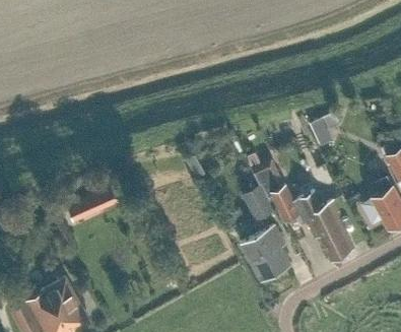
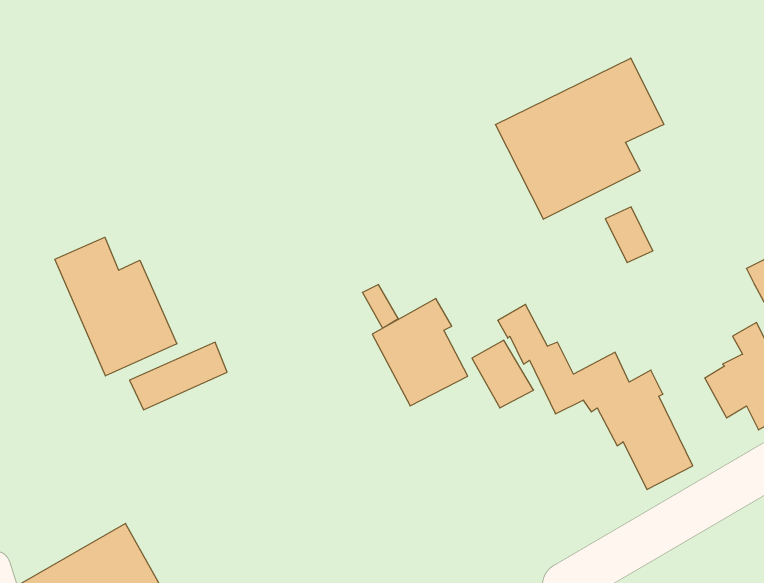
building: none -> [495,58,664,219]
building: none -> [55,237,177,376]
building: [243,226,291,281] -> [372,298,468,406]

